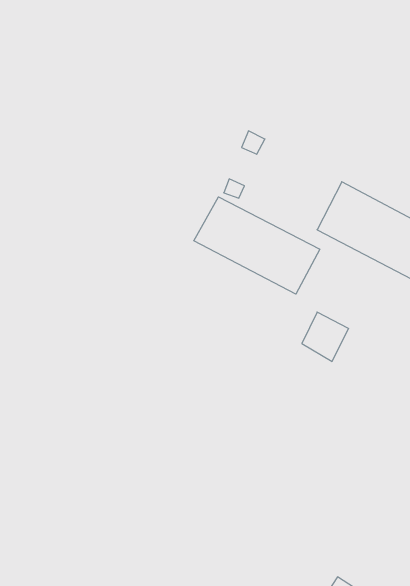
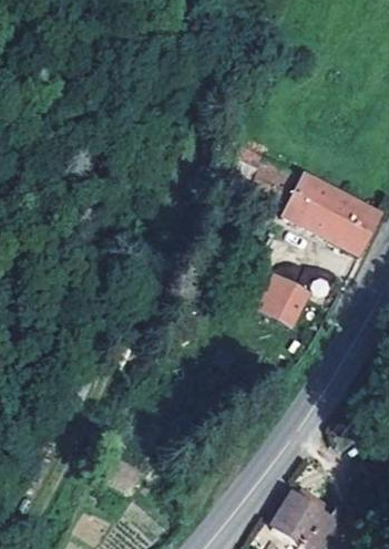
building: [194,197,320,294] -> none

